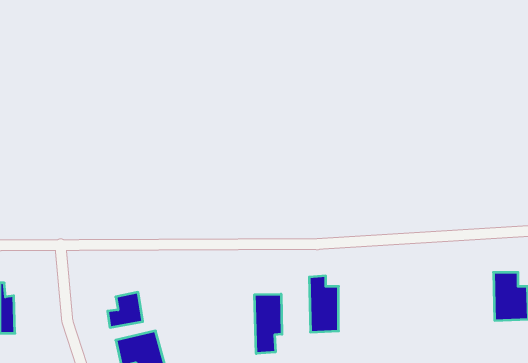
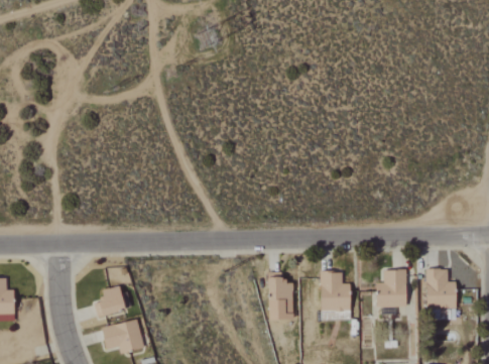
building: none -> [376,270,406,308]
building: none -> [320,272,350,312]
building: [255,294,282,354] -> none

